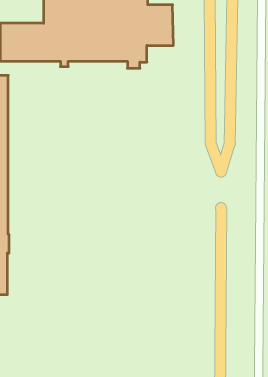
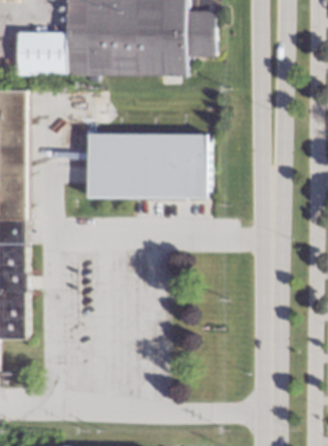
building: none -> [85,131,206,196]

